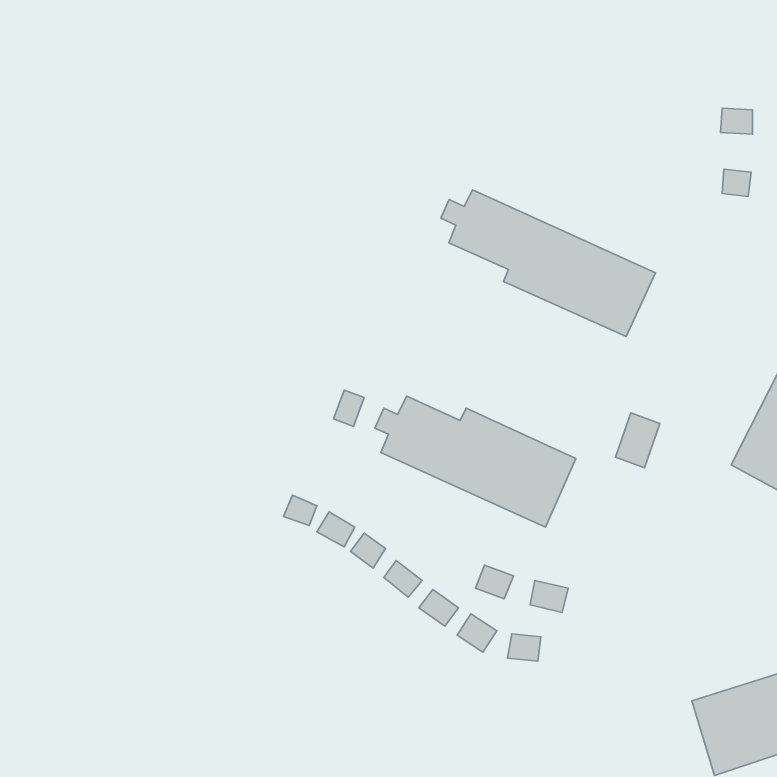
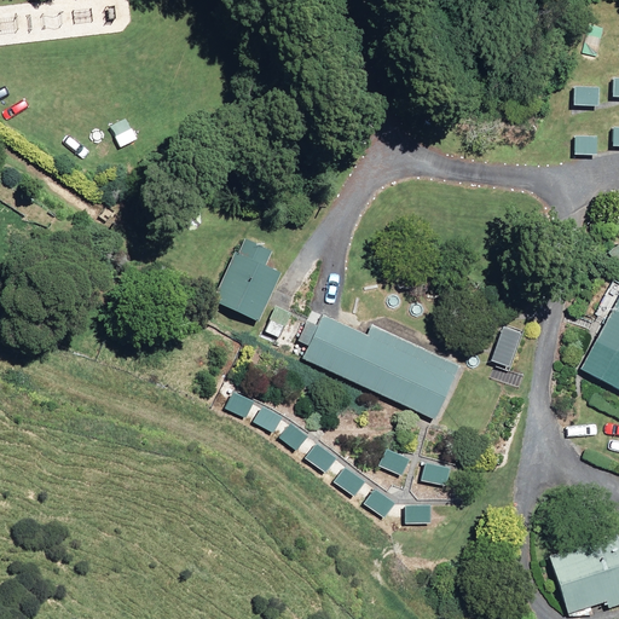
building: [441,190,656,337] -> none
building: none -> [213,236,279,320]

